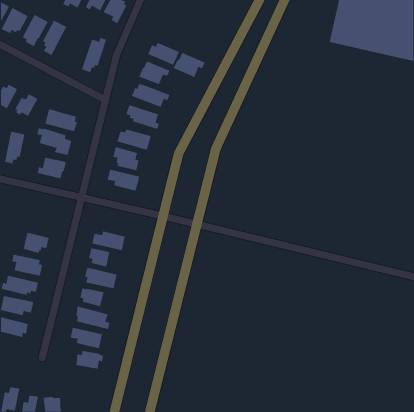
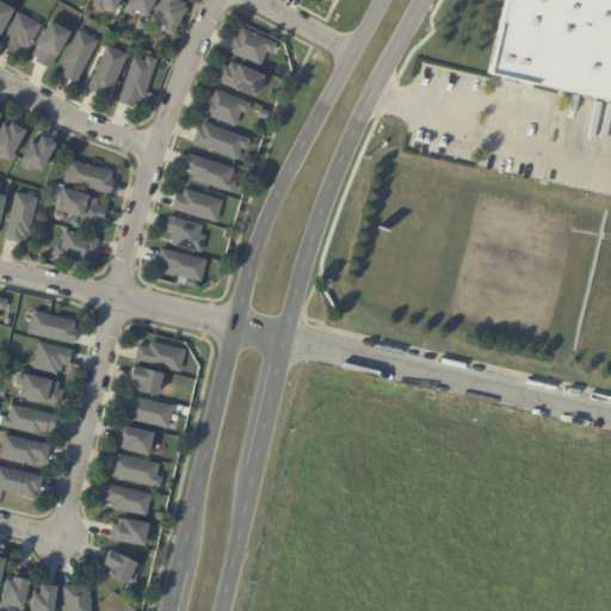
building: none -> [87,45,128,94]
building: [173,52,205,78] -> [229,27,277,66]
building: none -> [29,311,78,345]
building: none -> [104,548,138,581]

